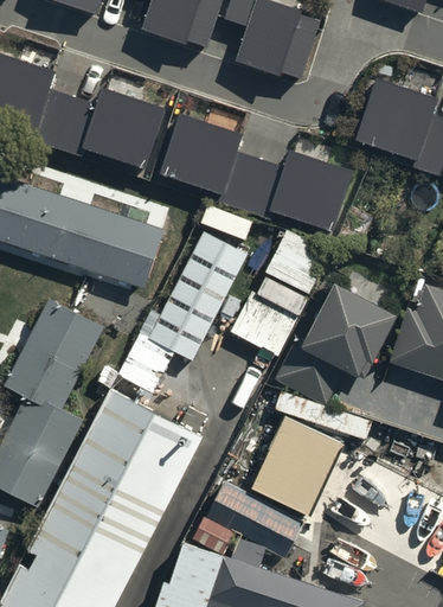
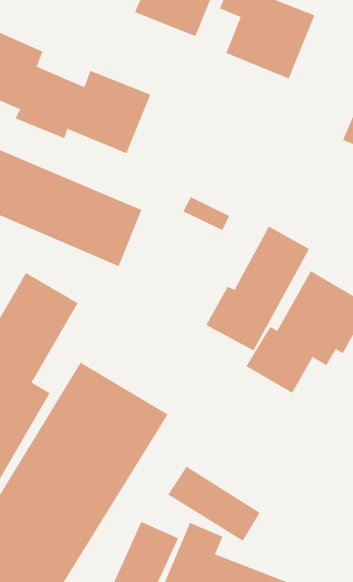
building: [160,119,351,234] -> none
building: [117,235,249,398] -> none
building: [251,411,344,510] -> none

